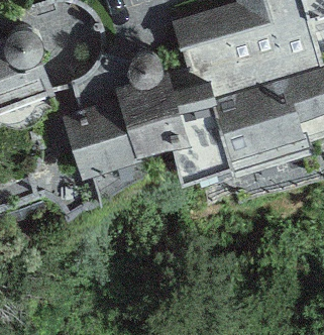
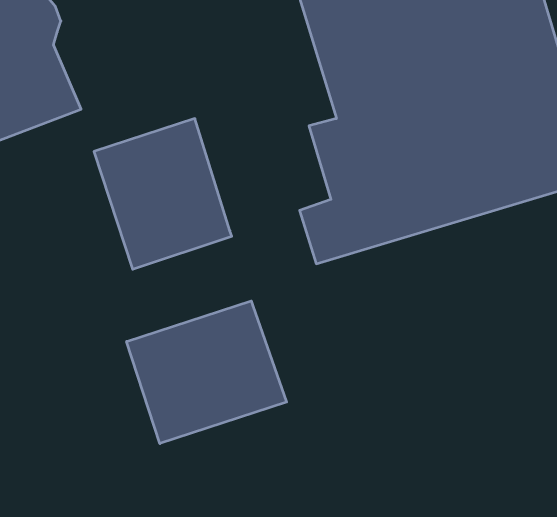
building: [114,51,192,158] -> none
building: none -> [127,301,287,444]

